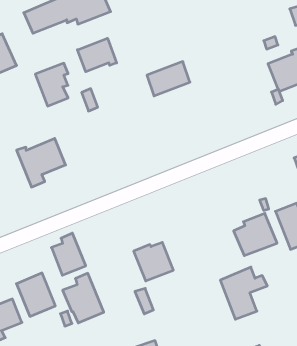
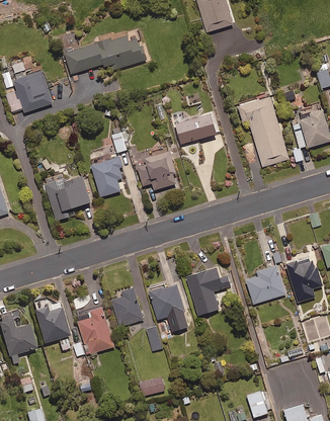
building: [77,38,117,72] -> none
building: none -> [238,96,287,166]
building: [35,63,68,106] -> [91,157,122,196]
building: none -> [137,150,175,189]
building: [51,233,86,275] -> [111,287,143,327]
building: [220,267,267,319] -> [186,267,231,316]

